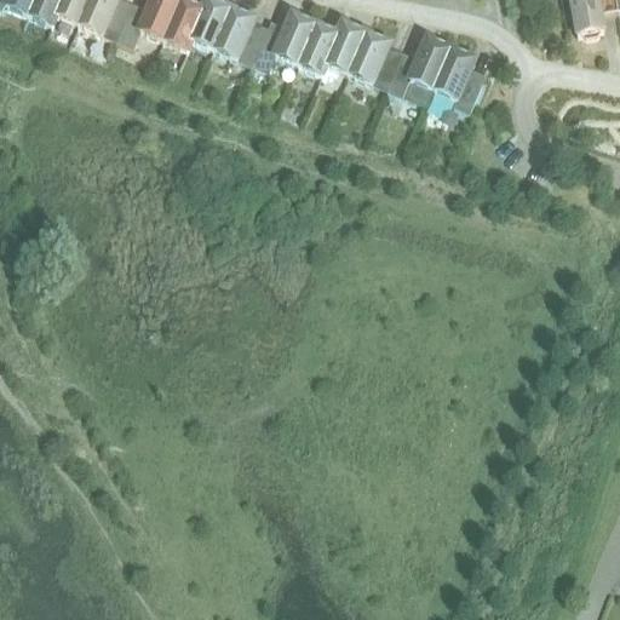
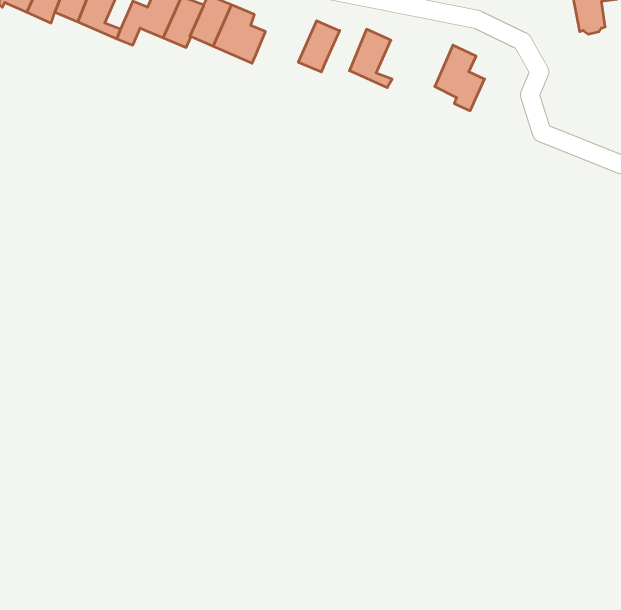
building: [251,11,315,70] -> none
building: [325,19,364,70] -> none
building: [385,35,450,102] -> none

